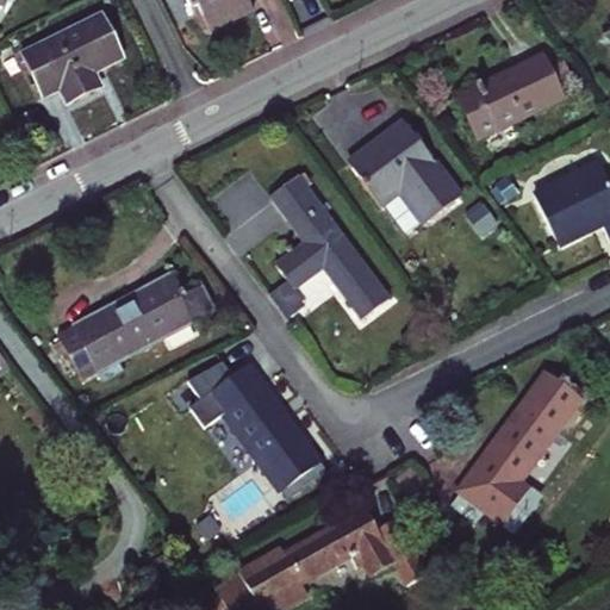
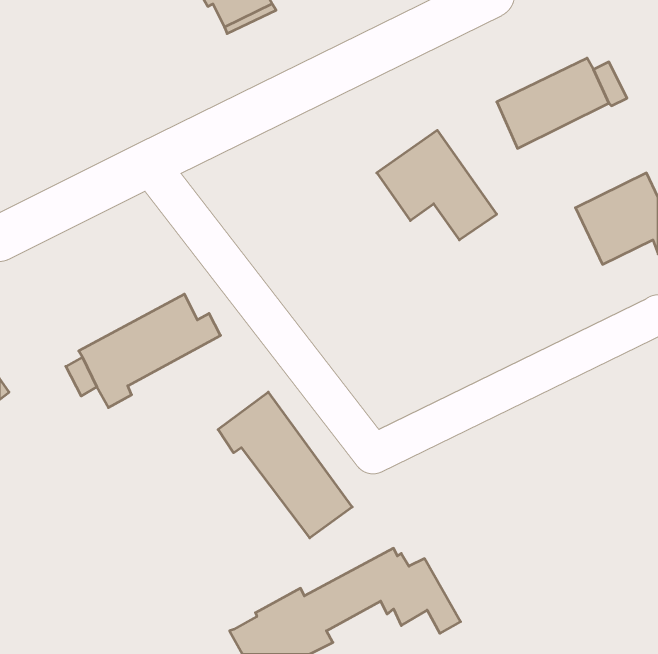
building: [19,13,123,105] -> none
building: [269,173,390,317] -> none
building: [450,371,579,530] -> none

